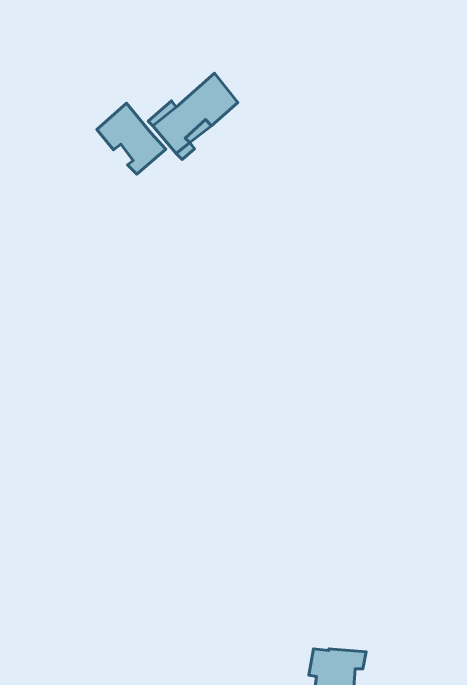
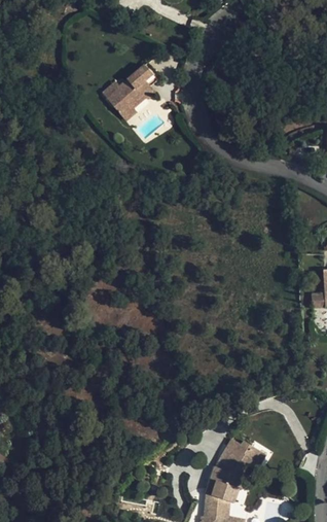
building: [97,103,166,174] -> none

